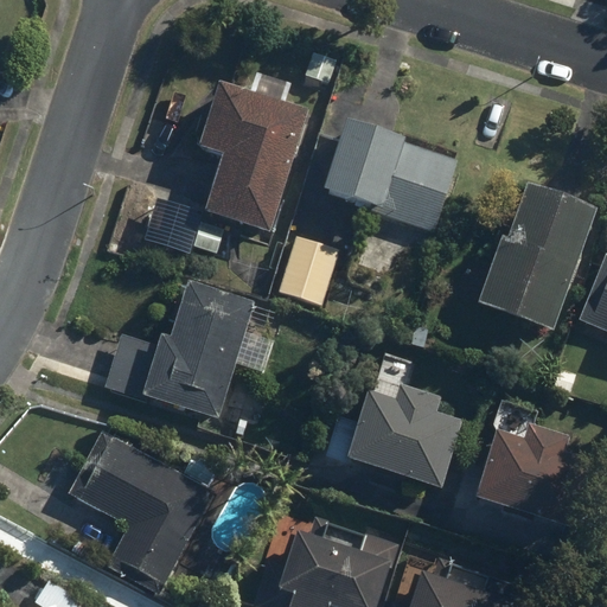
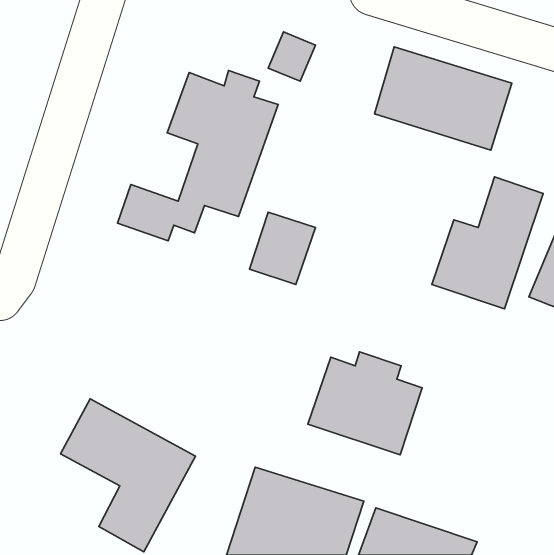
building: [313,123,461,235] -> [374,47,512,150]
building: [108,276,279,420] -> none
building: [466,418,601,532] -> none

